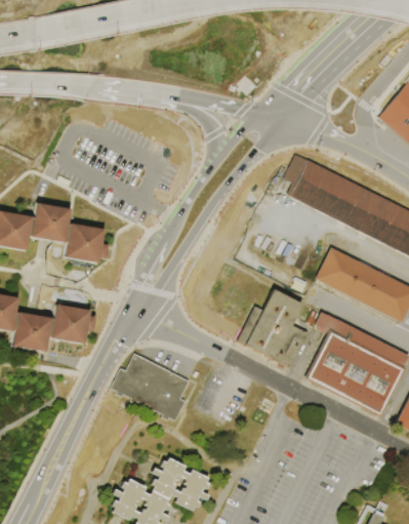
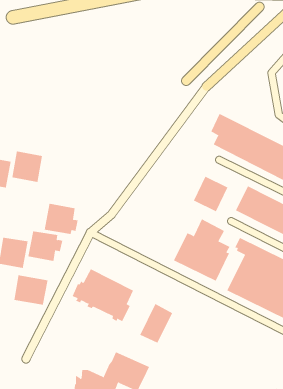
building: [67,224,111,264] -> [44,203,79,235]
building: none -> [193,176,228,212]
building: none -> [14,274,48,306]
building: none -> [139,303,173,344]

